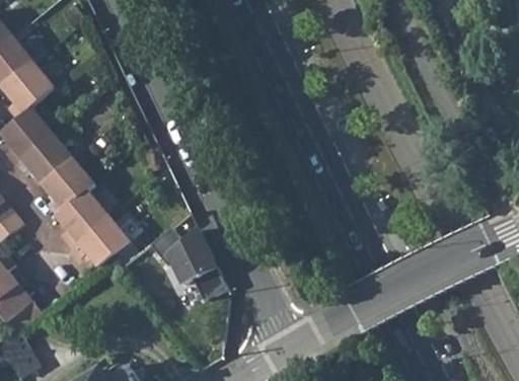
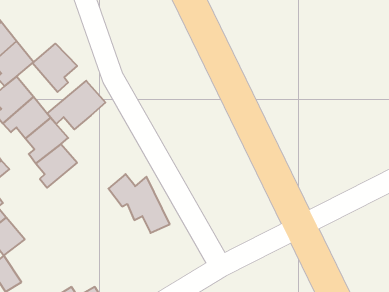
building: none -> [32,44,77,92]
building: none -> [47,81,105,129]
building: [71,214,130,265] -> none

